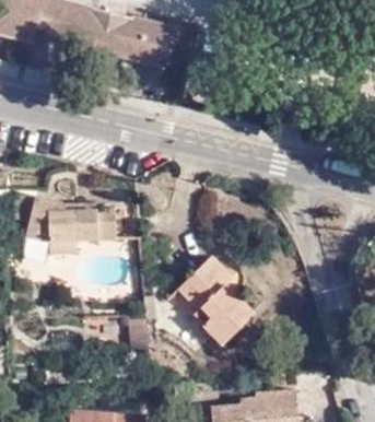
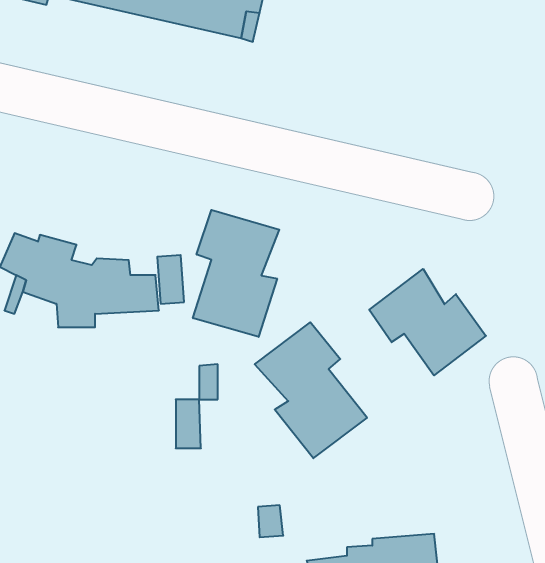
building: none -> [193,210,279,337]
building: none -> [369,269,486,375]

